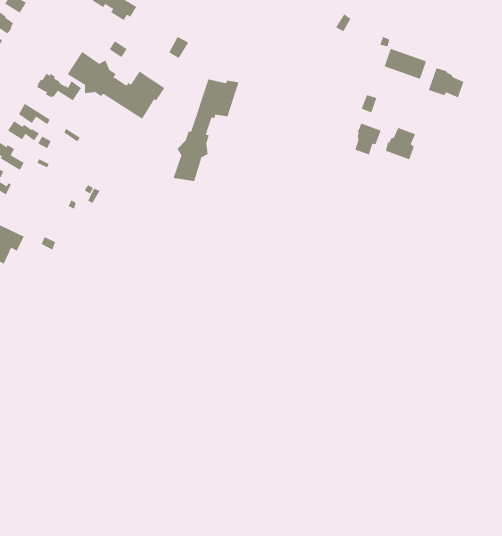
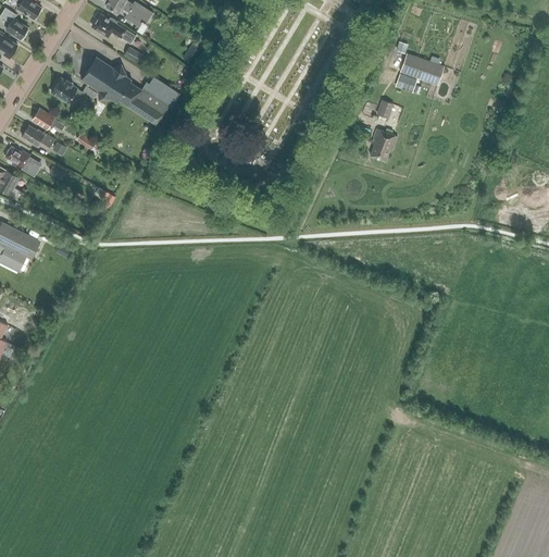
building: none -> [91,13,135,42]
building: [428,68,464,98] -> none
building: [173,78,239,182] -> none
building: [385,127,416,160] -> none

